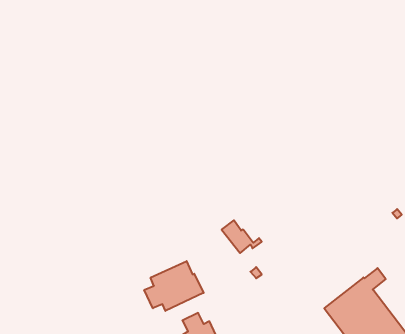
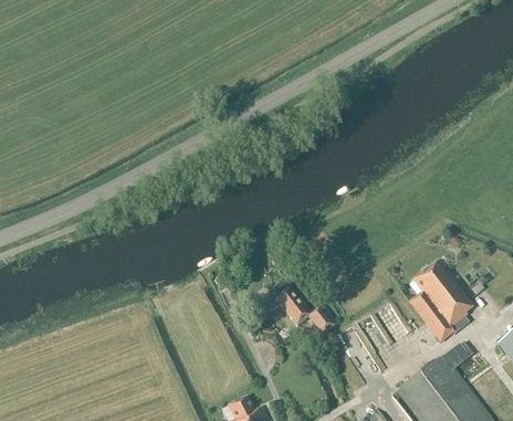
building: none -> [409,261,474,341]
building: [144,261,204,311] -> none

